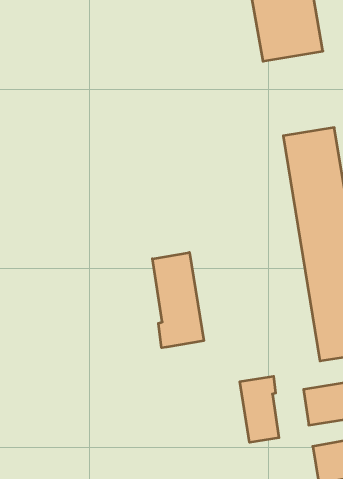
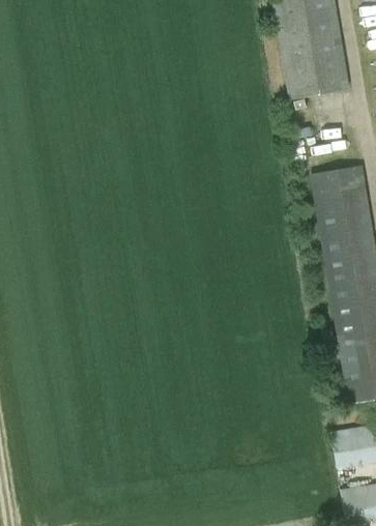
building: [152,252,204,348] -> none
building: [240,376,279,442] -> none

